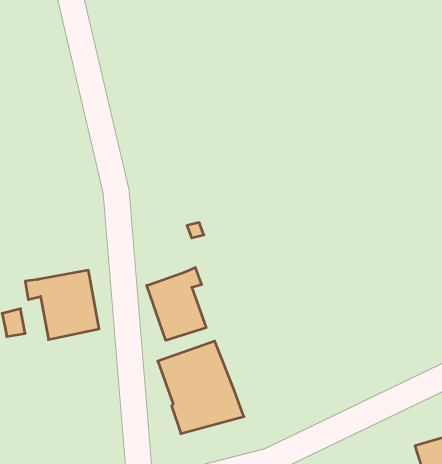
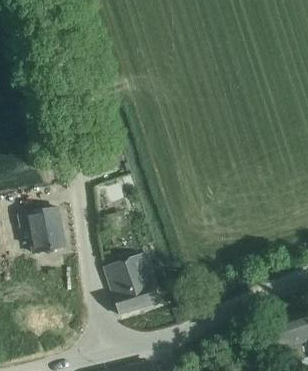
building: [147,267,206,340] -> none

